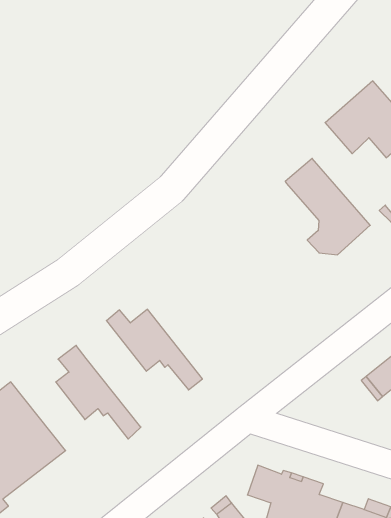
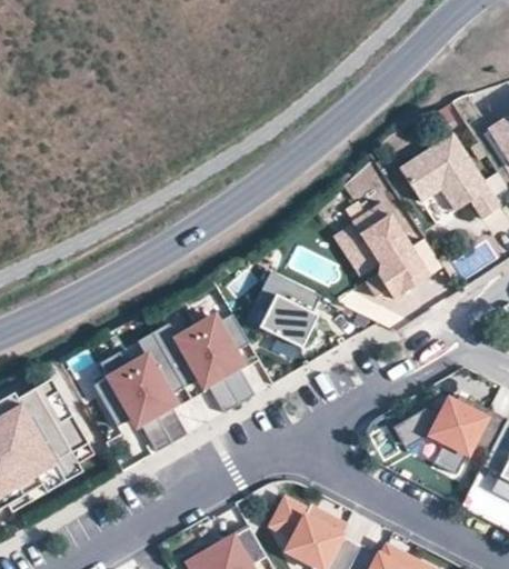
building: none -> [333,222,378,276]
building: none -> [250,267,316,345]
building: none -> [196,313,256,403]
building: none -> [128,332,188,442]

